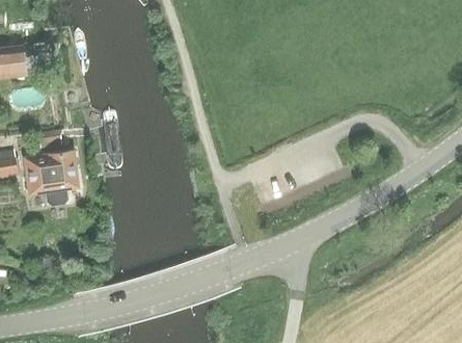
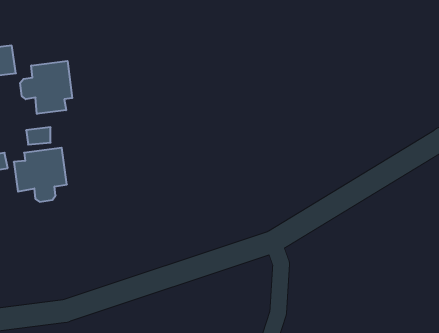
building: none -> [20,61,72,114]

